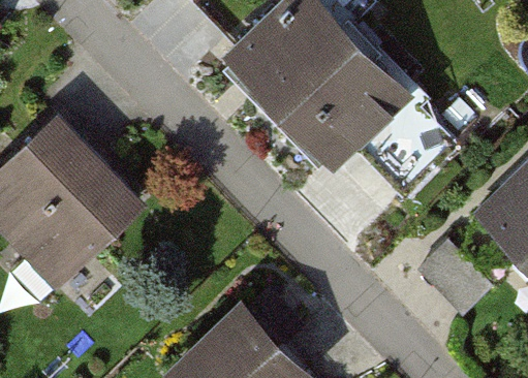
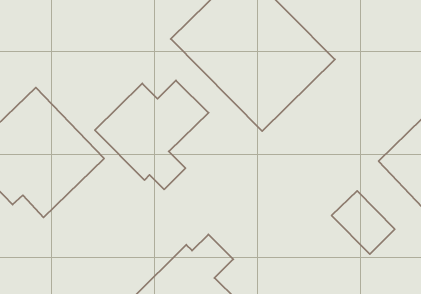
building: none -> [95,80,209,189]

